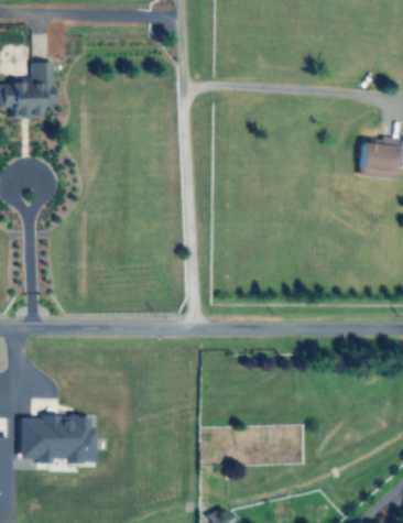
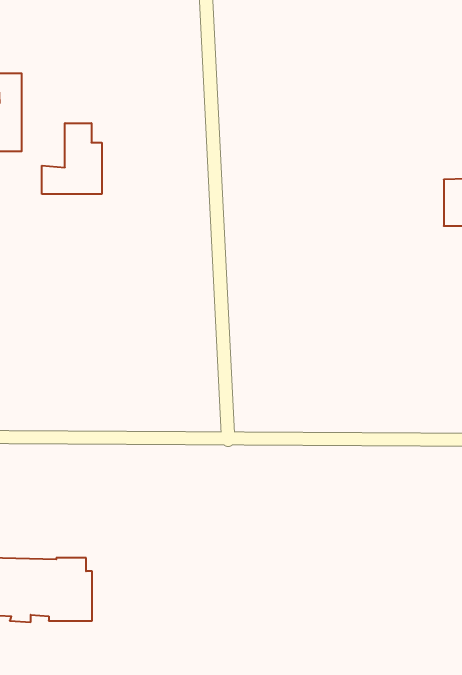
building: none -> [42,123,102,194]

